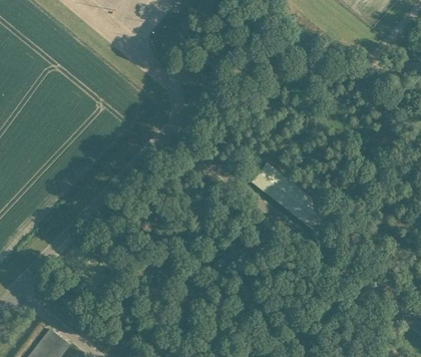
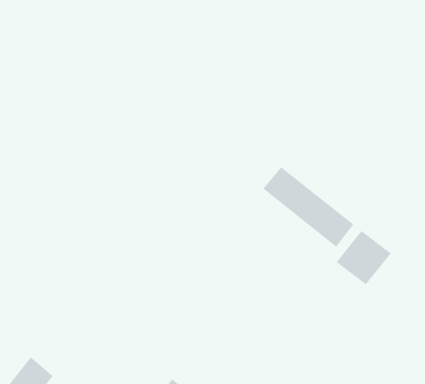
building: none -> [336,230,391,285]

